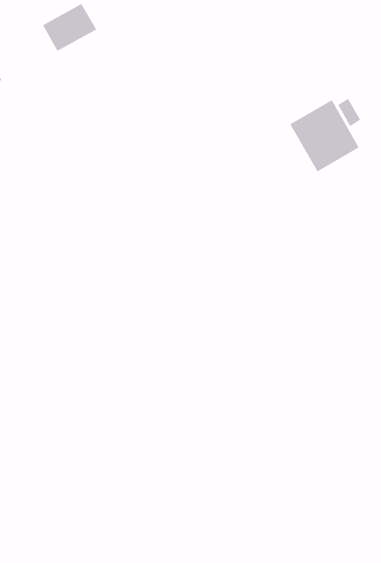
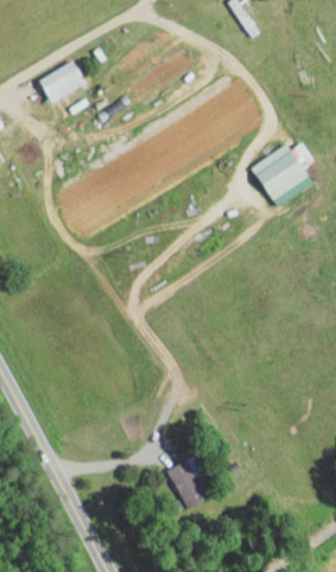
building: none -> [166,459,207,509]

